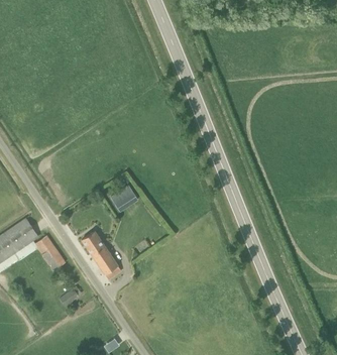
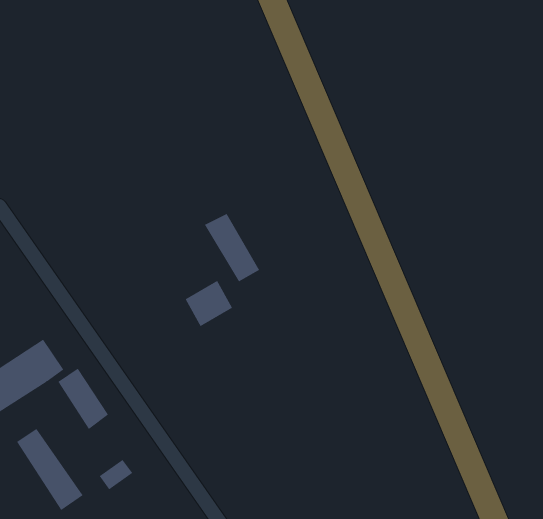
building: none -> [204,213,260,282]
building: [82,231,121,279] -> [16,428,83,511]

